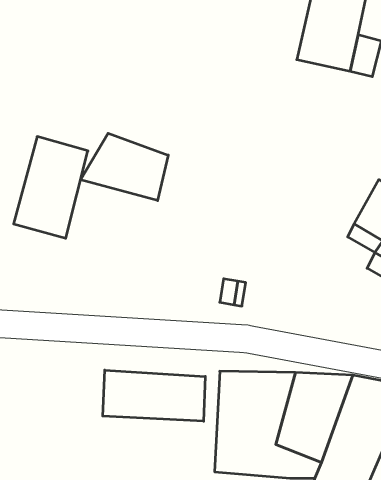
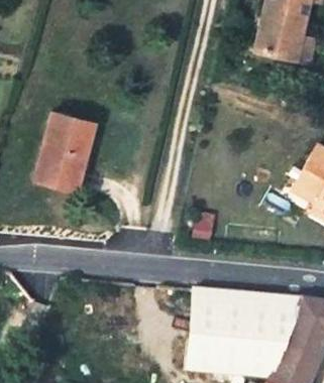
building: [81,133,168,201] -> none
building: [103,370,205,421] -> none

